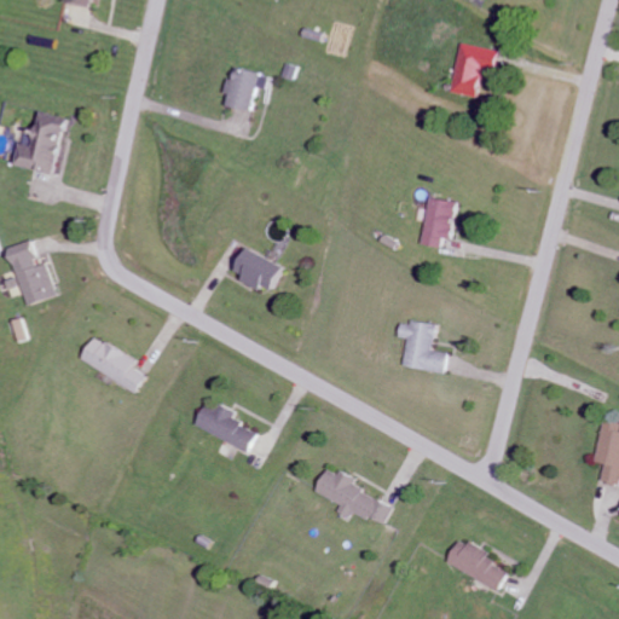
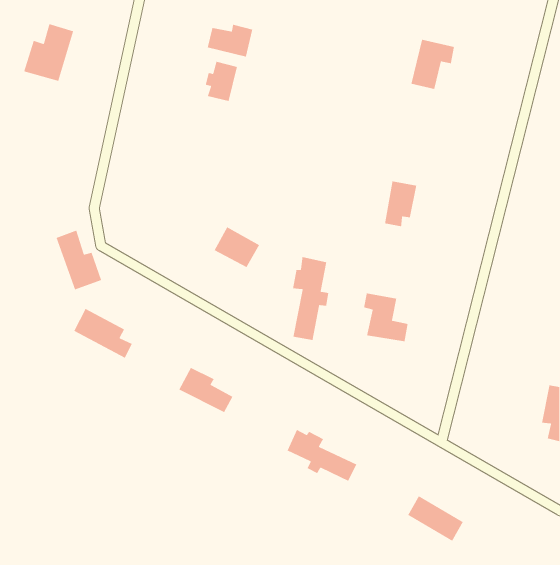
building: none -> [207,24,253,58]
building: [12,110,68,174] -> [23,23,74,82]
building: [5,239,56,306] -> [56,230,102,291]
building: none -> [292,256,329,341]

